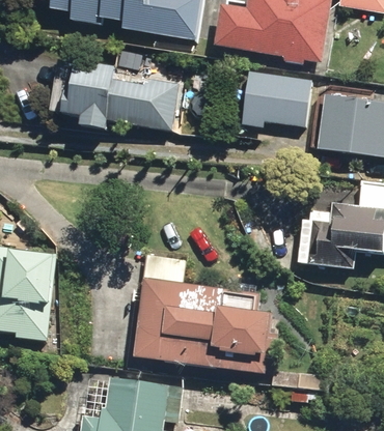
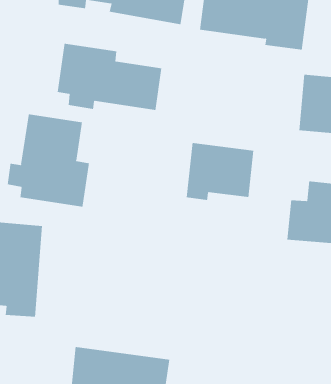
building: [240,71,310,132] -> [186,142,254,201]
building: none -> [7,113,90,208]
building: [136,279,277,367] -> none

